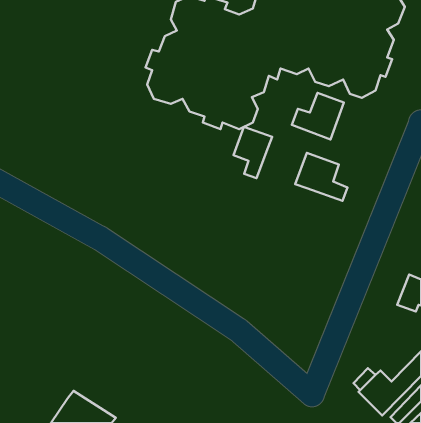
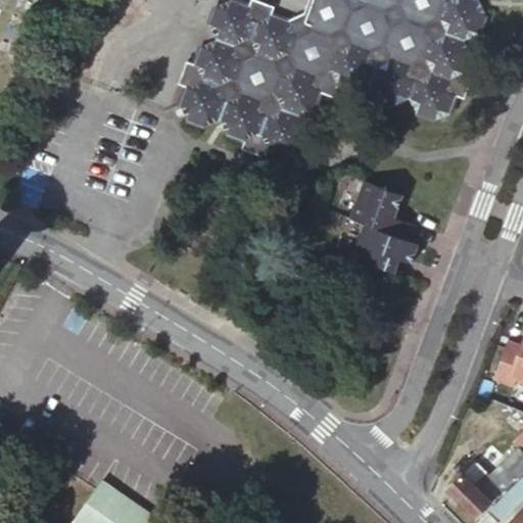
building: [292,93,344,140] -> none
building: [234,127,272,178] -> none
building: none -> [364,228,422,275]

